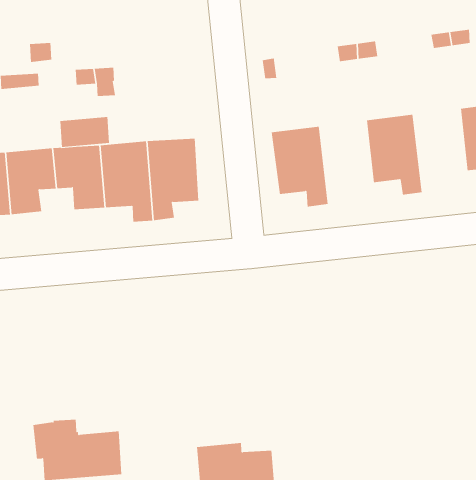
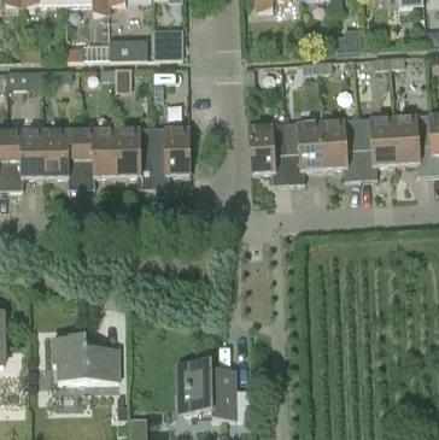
building: none -> [153,29,182,59]
building: none -> [357,116,396,178]
building: [60,116,110,147] -> [110,39,147,60]
building: none -> [285,121,323,183]

